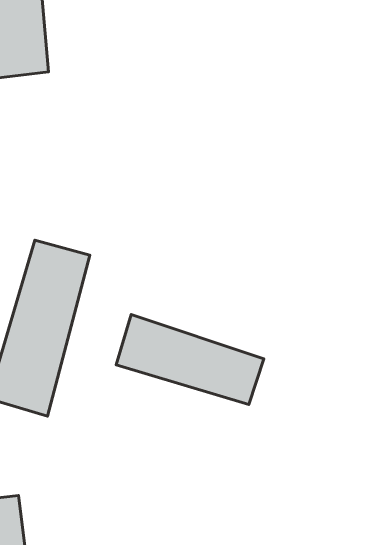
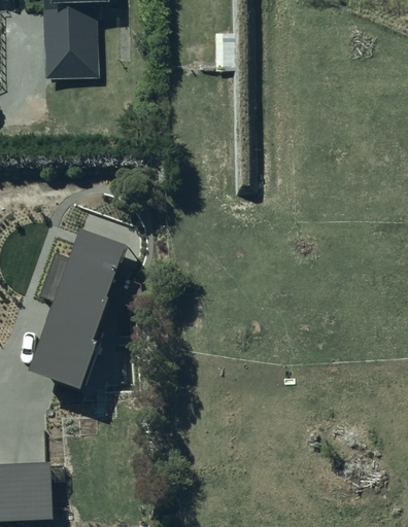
building: [116,315,264,404] -> none

